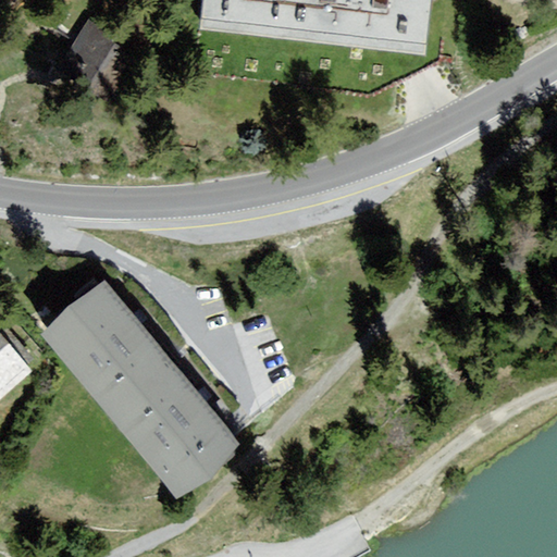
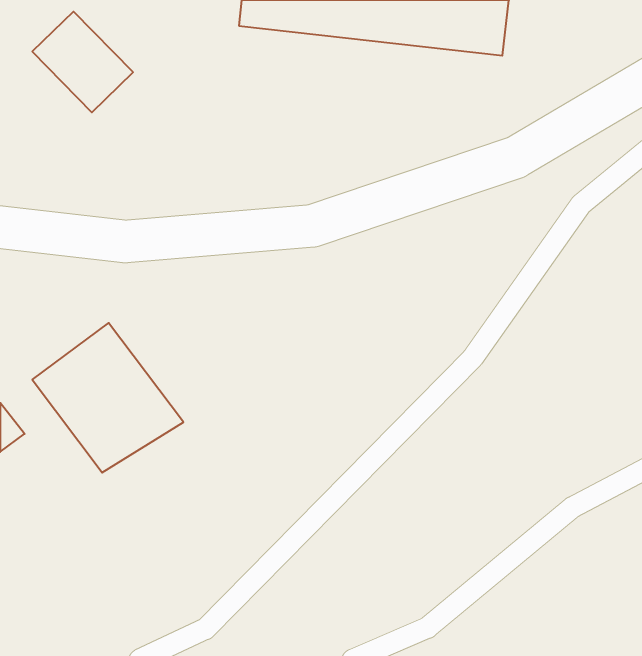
building: [101,359,235,495] -> none

